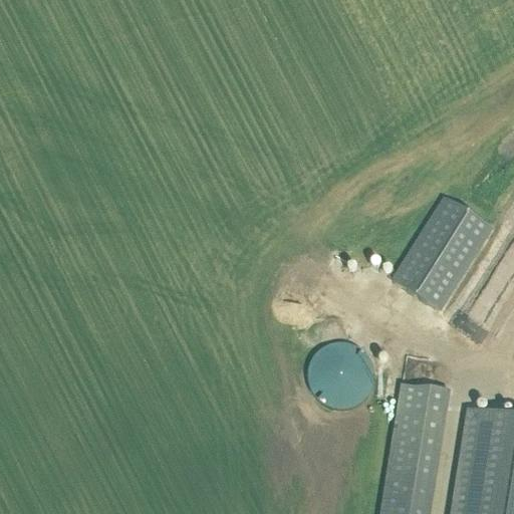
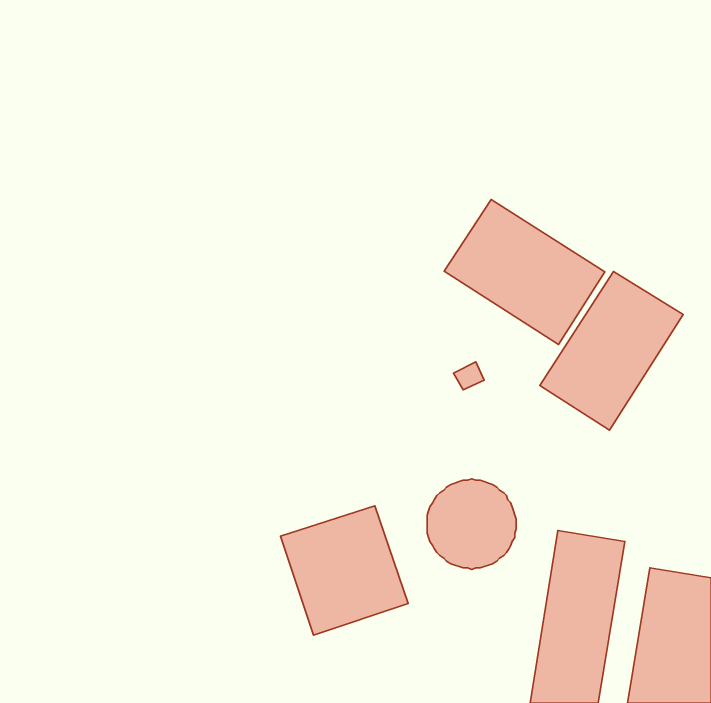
building: none -> [444,200,605,344]
building: none -> [281,506,408,635]

